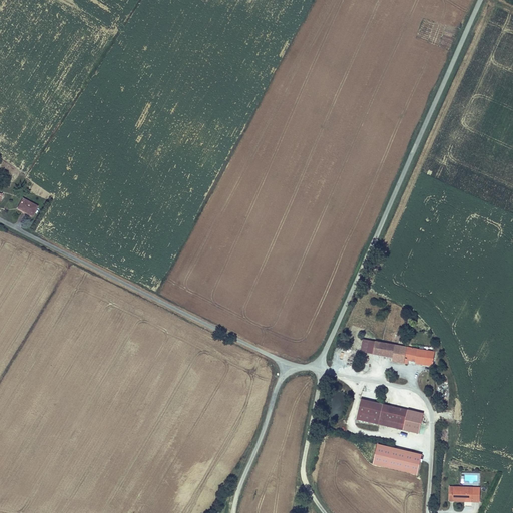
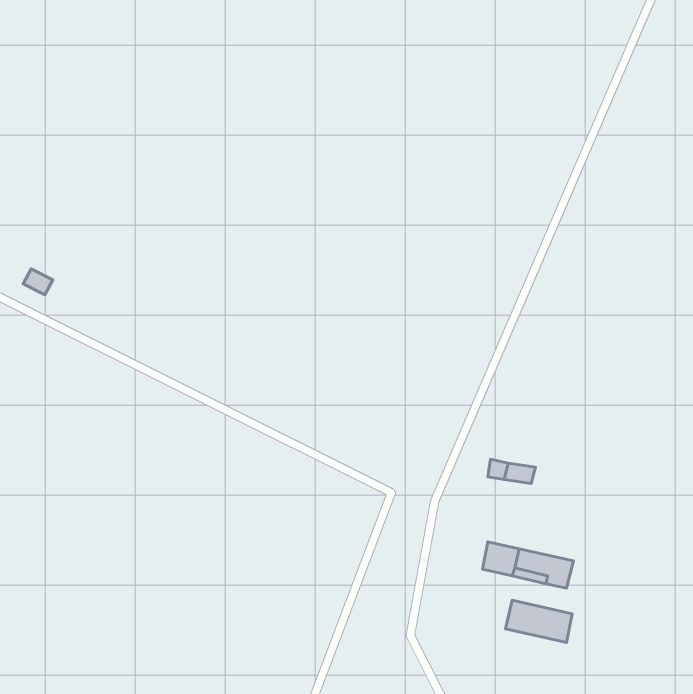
building: [393,345,435,366] -> none
building: [449,486,479,502] -> none

